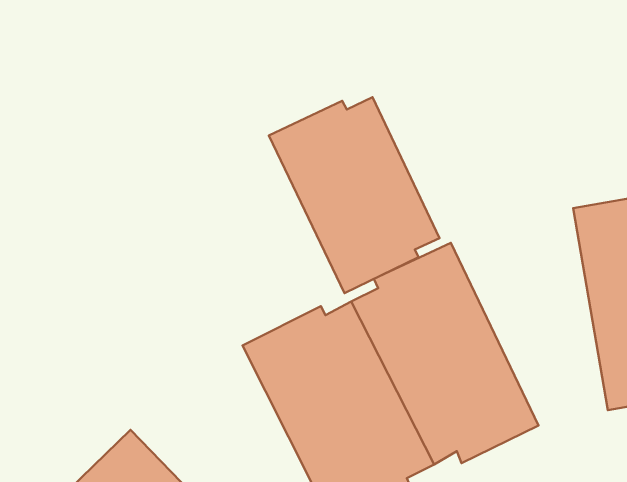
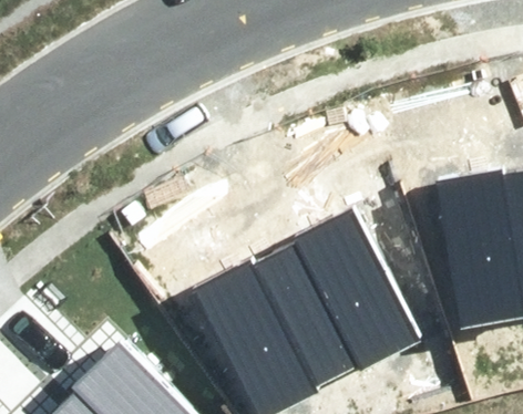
building: [269,97,440,293] -> none

